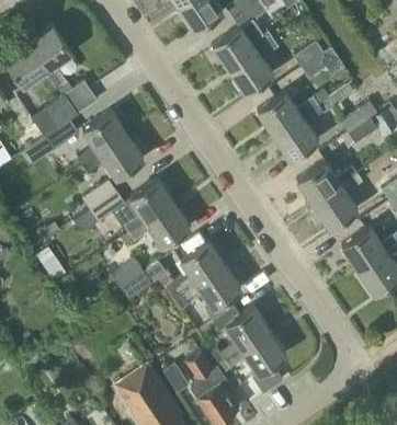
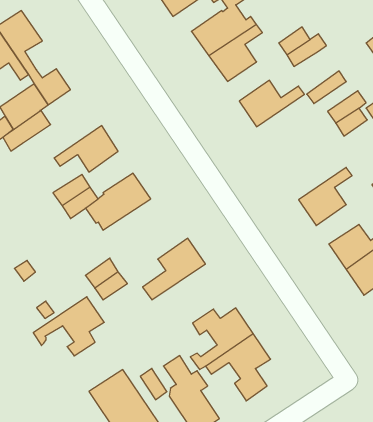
building: [273,105,324,159] -> none
building: [77,112,127,165] -> none
building: [296,161,358,205] -> none
building: [128,204,190,246] -> none
building: [174,265,241,321] -> [33,297,104,356]

